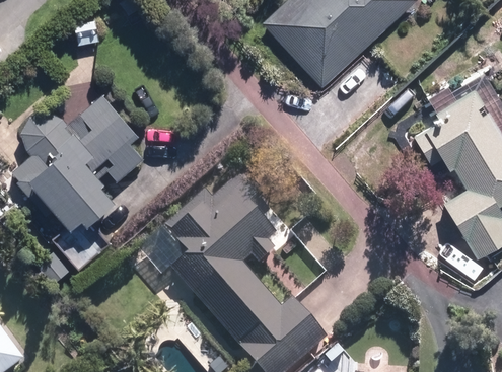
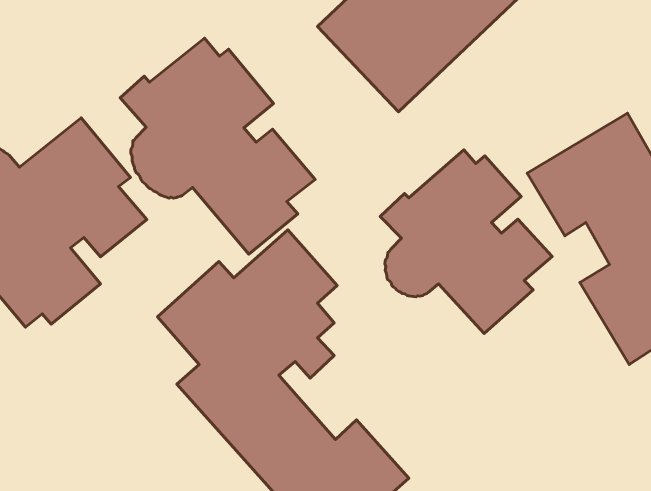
building: none -> [120,38,315,254]
building: none -> [380,150,552,333]

